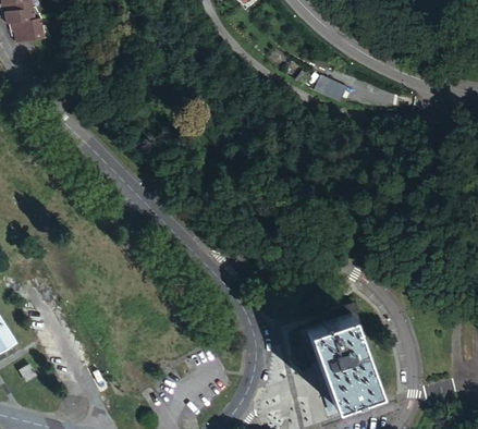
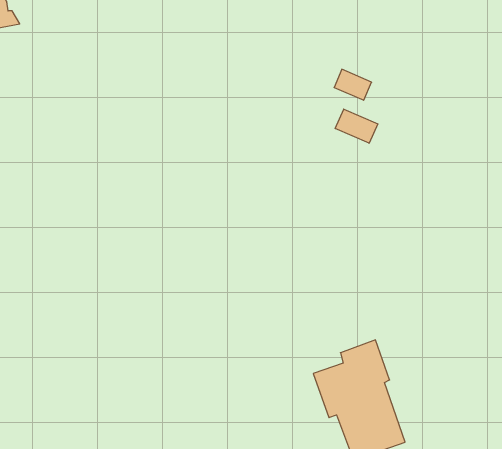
building: none -> [335,109,378,143]

